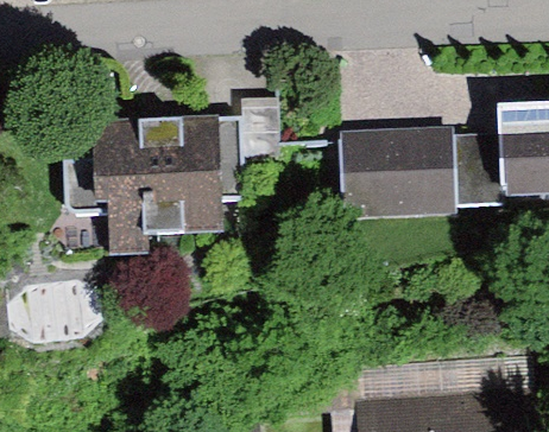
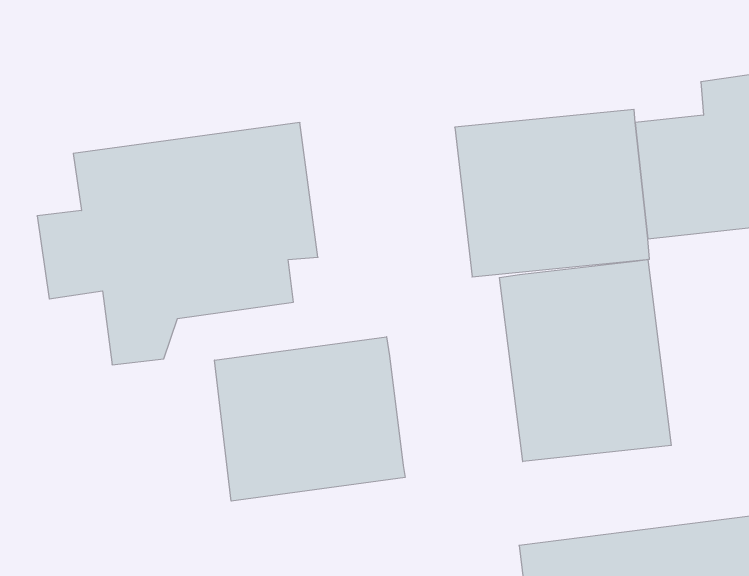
building: none -> [499,259,671,462]
building: none -> [215,337,405,501]

